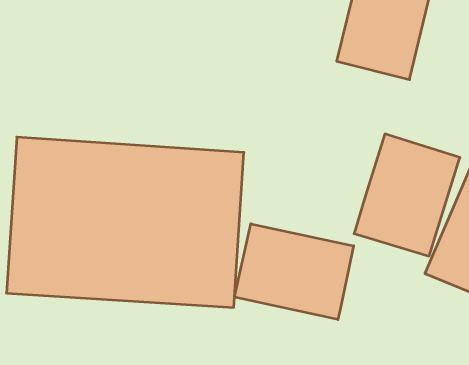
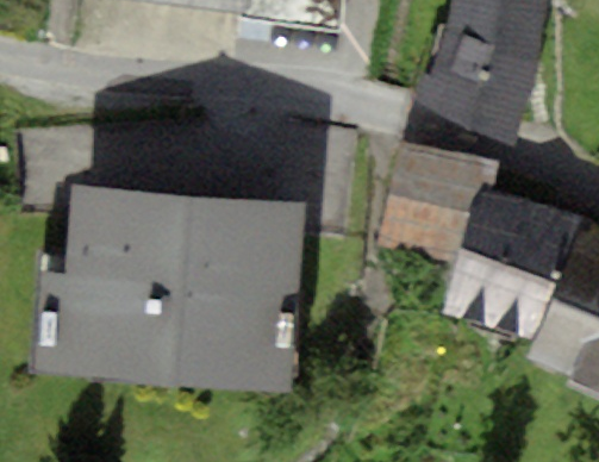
building: none -> [379,139,500,261]
building: [234,224,354,320] -> none

